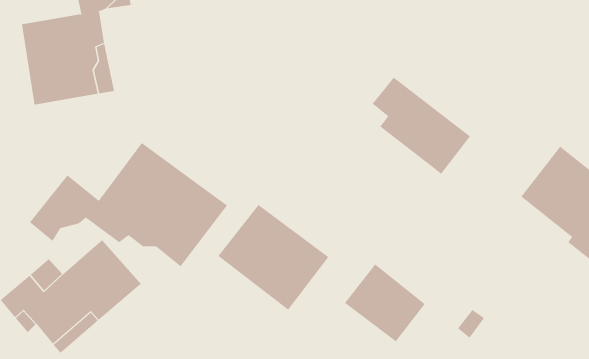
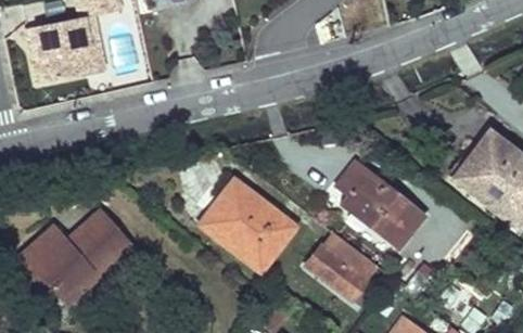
building: [372,77,471,175] -> [336,161,421,244]
building: [29,142,228,267] -> none

